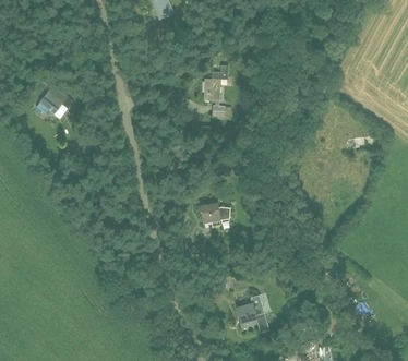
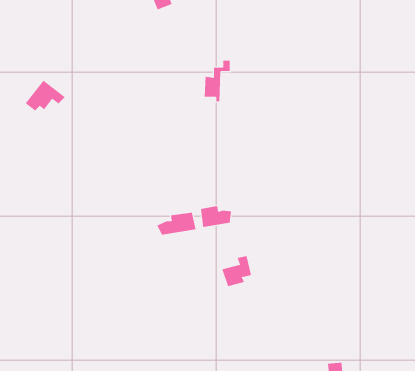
building: none -> [156,212,196,235]
building: [236,294,264,324] -> [222,255,252,287]

